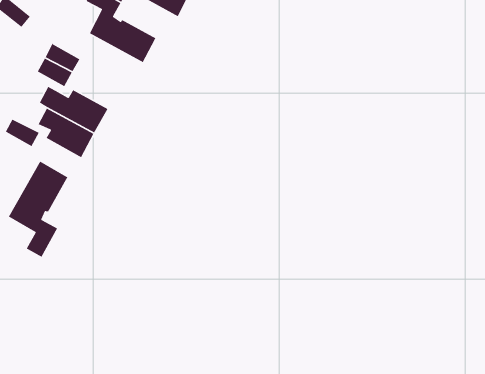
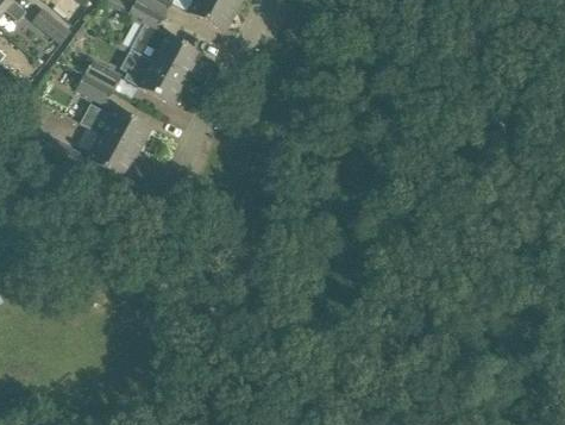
building: none -> [119,48,187,105]
building: [8,161,69,258] -> none

